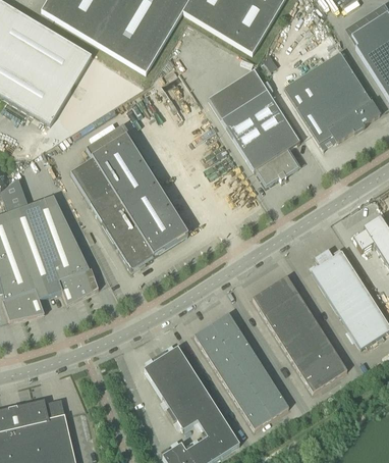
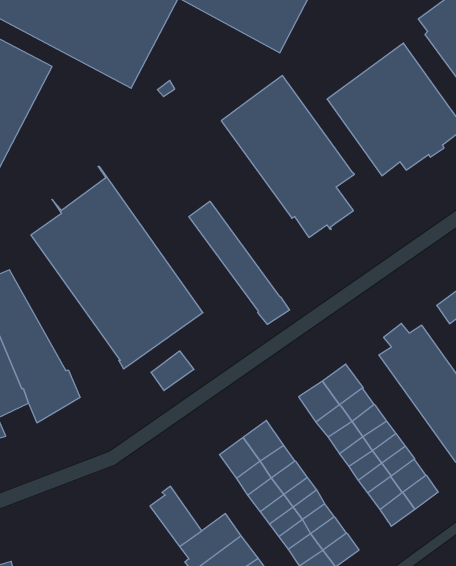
building: none -> [189,201,290,324]
building: none -> [151,351,194,391]
building: [158,346,196,387] -> none

